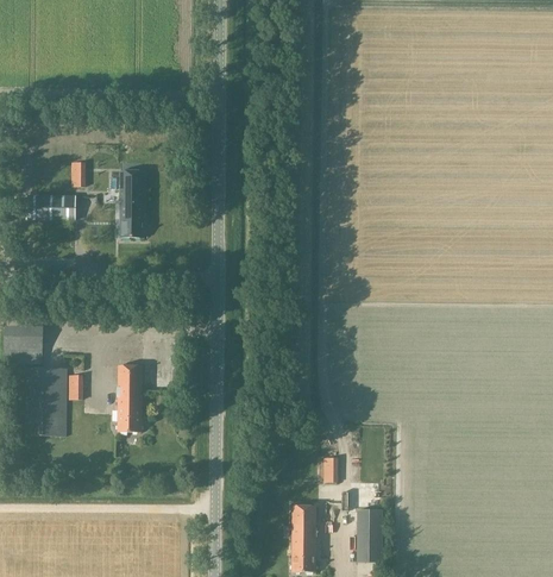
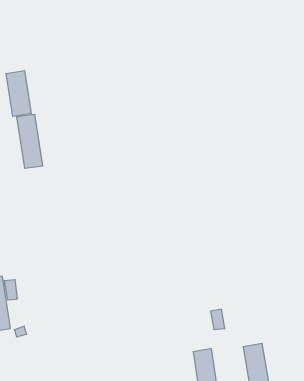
building: none -> [6,71,31,116]
building: [118,364,142,432] -> none

